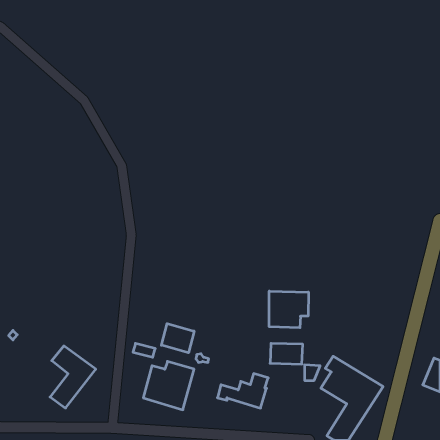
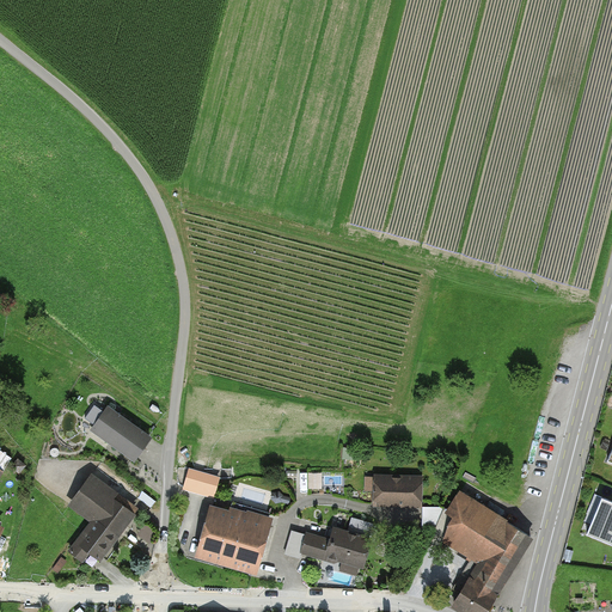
building: none -> [84,403,149,458]
building: [269,291,308,328] -> none
building: [161,324,194,353] -> none

